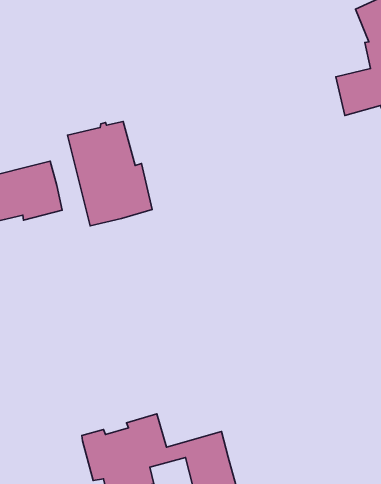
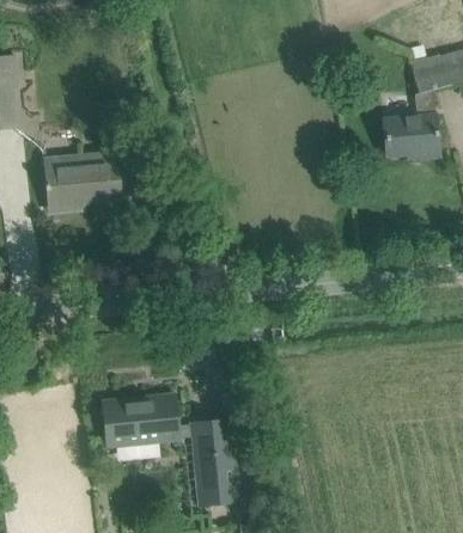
building: [67,121,152,226] -> none

